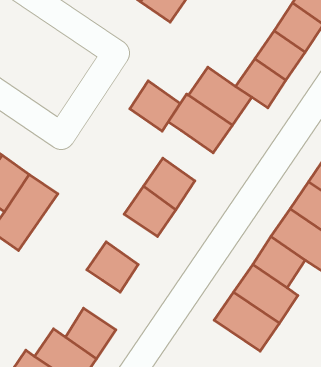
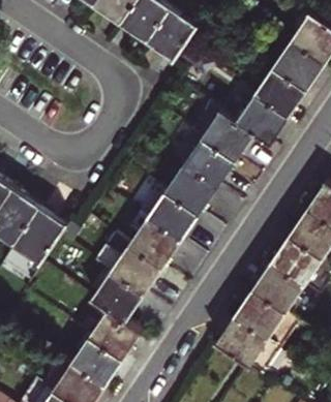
building: [130,81,180,131] -> [166,165,214,214]
building: none -> [93,246,160,295]
building: none -> [89,310,139,358]

